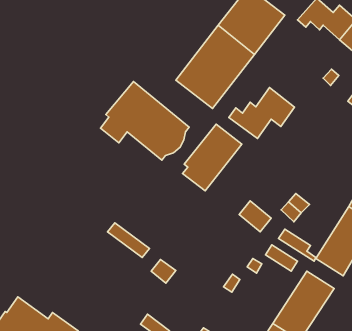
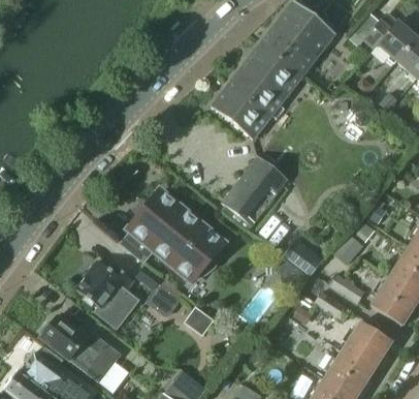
building: [101,81,189,160] -> [124,190,224,279]
building: [229,87,295,139] -> none
building: none -> [76,262,138,330]
building: none -> [40,316,119,382]

